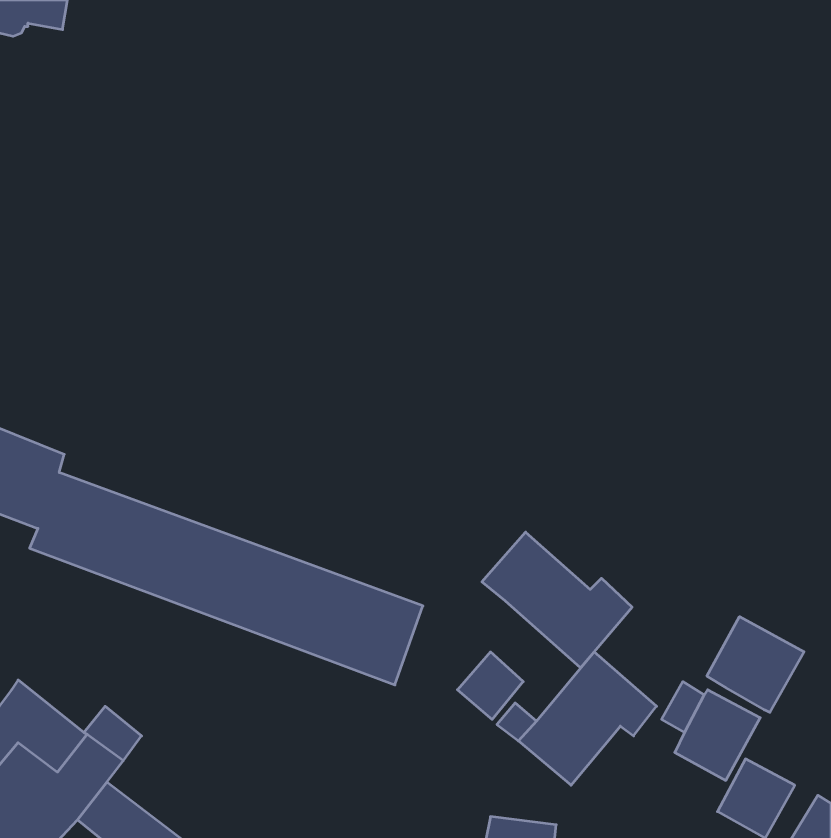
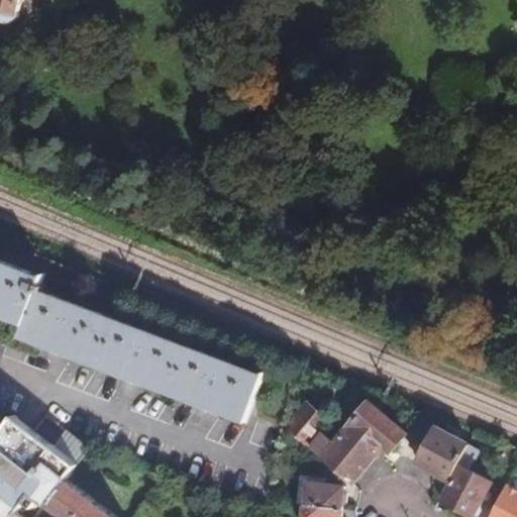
building: [482,532,632,668] -> none
building: [707,617,804,712] -> none
building: none -> [294,479,344,508]

